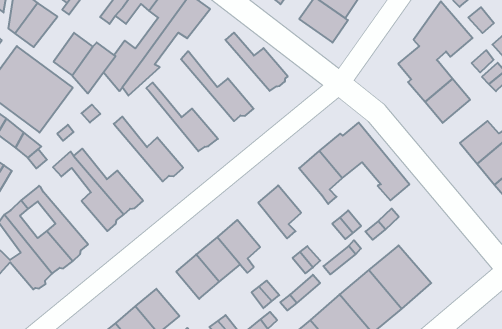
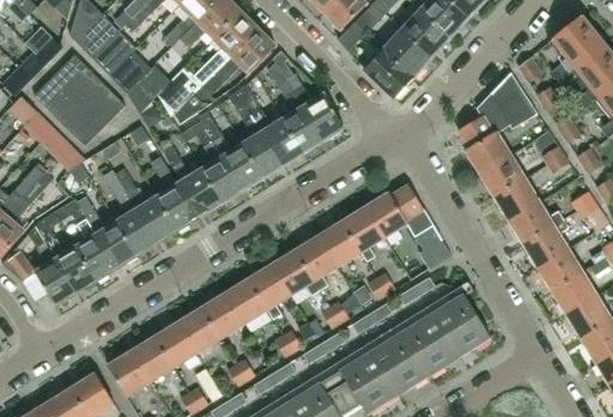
building: none -> [91,30,136,75]
building: none -> [268,62,323,153]
building: none -> [229,92,283,179]
building: none -> [181,120,242,203]
building: none -> [493,177,539,219]
building: none -> [151,152,198,230]
building: none -> [317,220,360,266]
building: none -> [77,195,138,266]
building: none -> [271,249,318,295]
building: none -> [430,282,490,357]
building: none -> [178,307,220,352]

